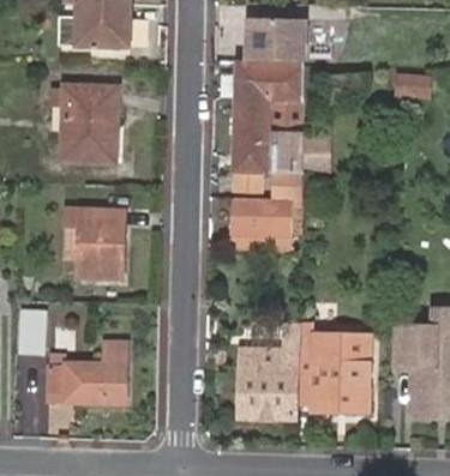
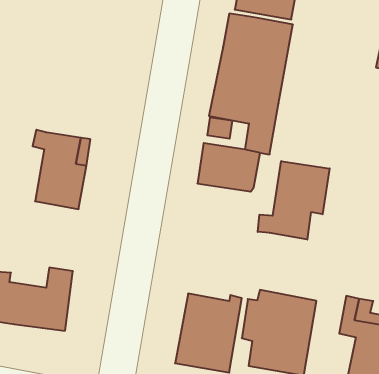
building: [62,86,114,159] -> none
building: none -> [258,161,330,240]

